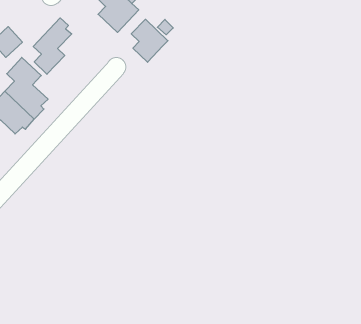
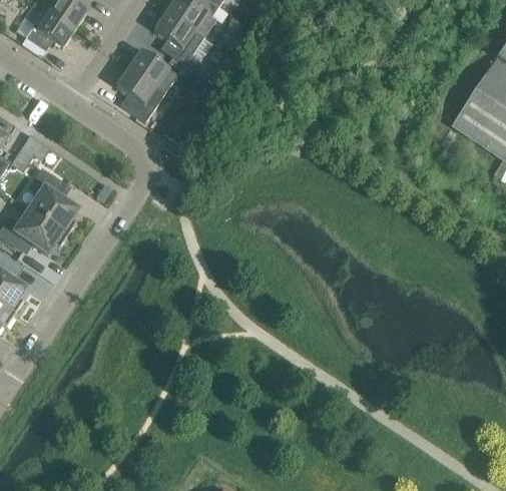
building: [33,18,72,74] -> none
building: [131,19,168,62] -> none

